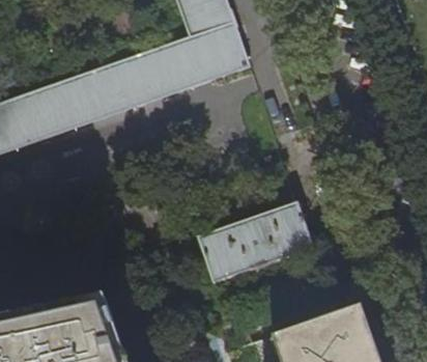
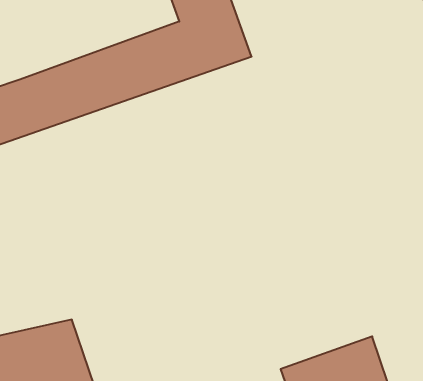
building: [201,200,319,285] -> none

